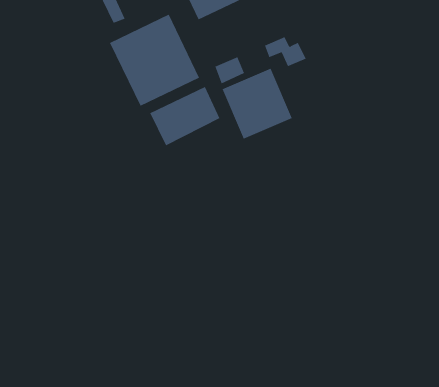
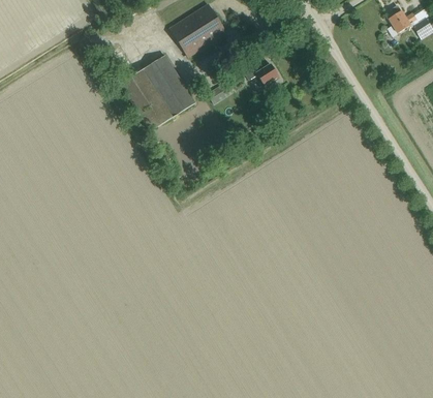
building: [222,68,293,140] -> none
building: [149,86,220,146] -> none

